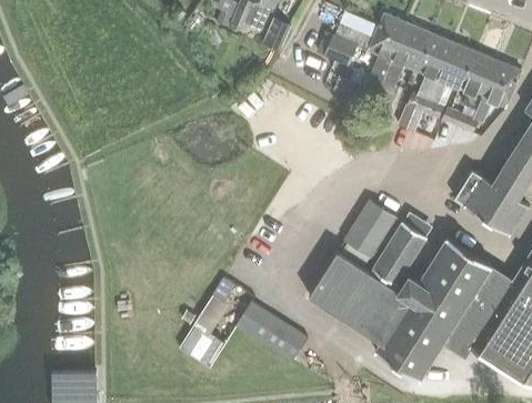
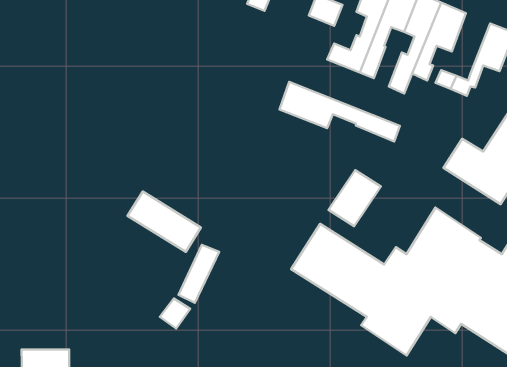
building: [461,52,498,110] -> none
building: none -> [280,82,400,141]
building: [371,223,424,284] -> none
building: [234,302,304,360] -> [128,191,201,252]

